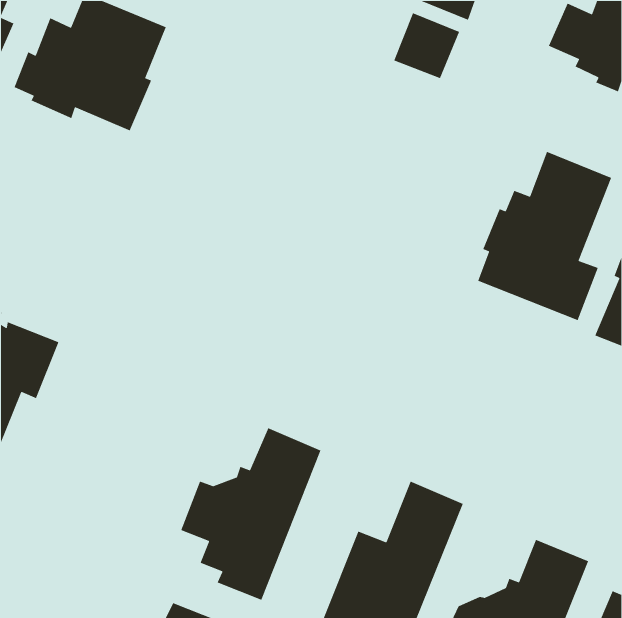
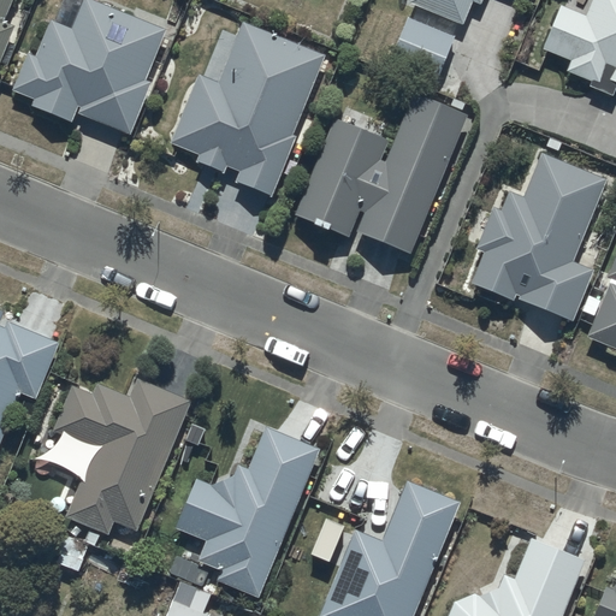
building: none -> [171,22,325,195]
building: none -> [295,93,463,254]
building: none -> [53,378,190,533]

